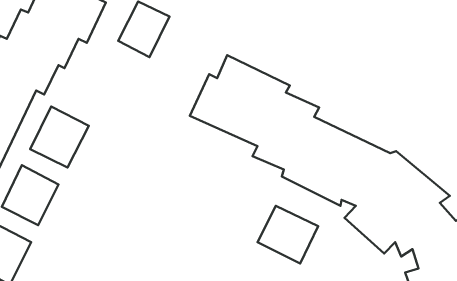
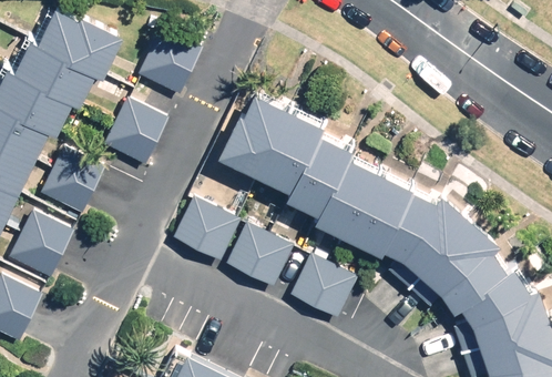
building: none -> [103,102,161,165]
building: none -> [174,201,239,263]
building: none -> [226,226,293,289]

